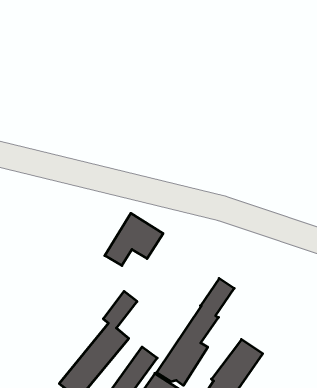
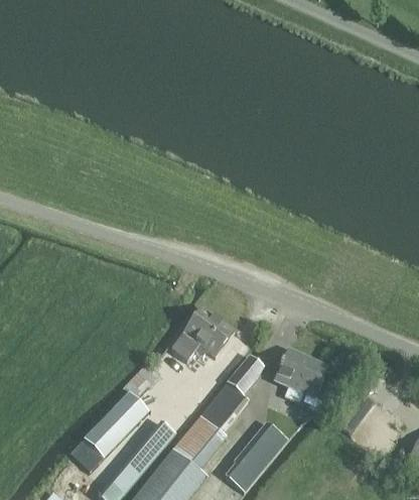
building: [105,213,163,266] -> [170,307,234,362]
building: none -> [274,349,327,402]

